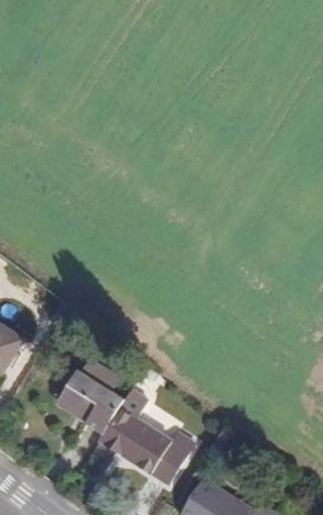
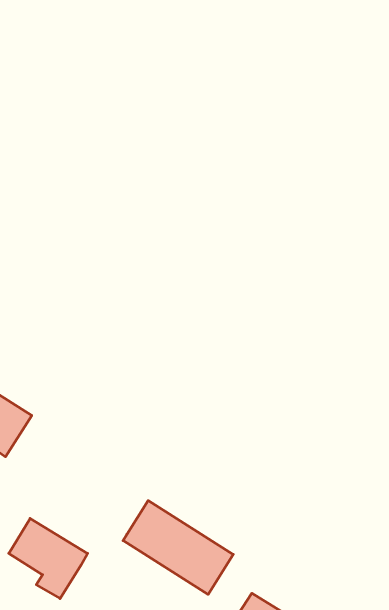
building: [61,370,125,435] -> [9,518,88,599]

